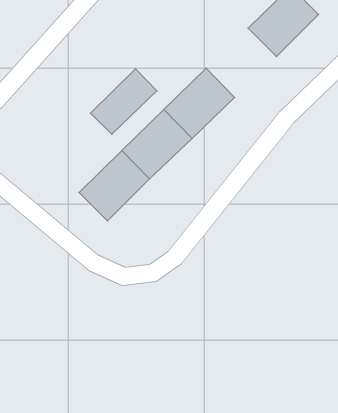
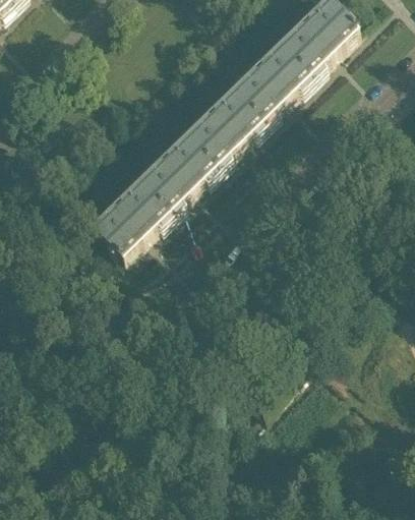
building: none -> [232,43,310,120]
building: [90,69,157,134] -> none

